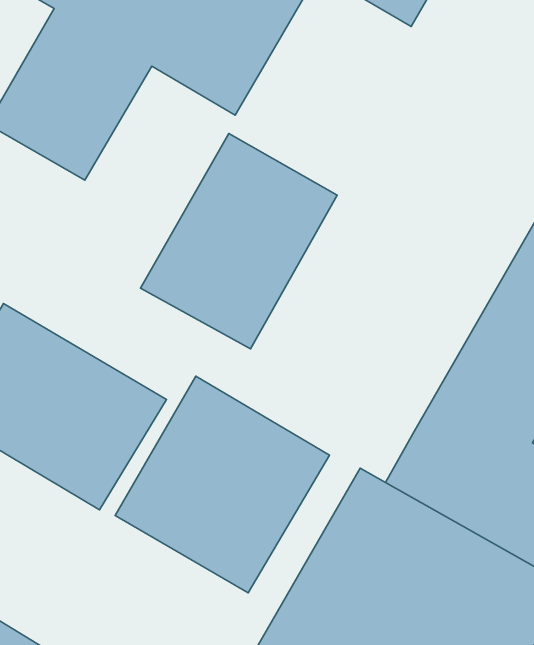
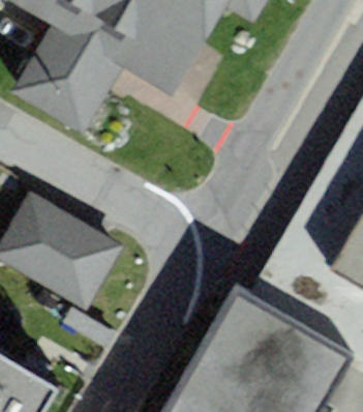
building: [141,134,337,349] -> none
building: [115,376,330,593] -> none

